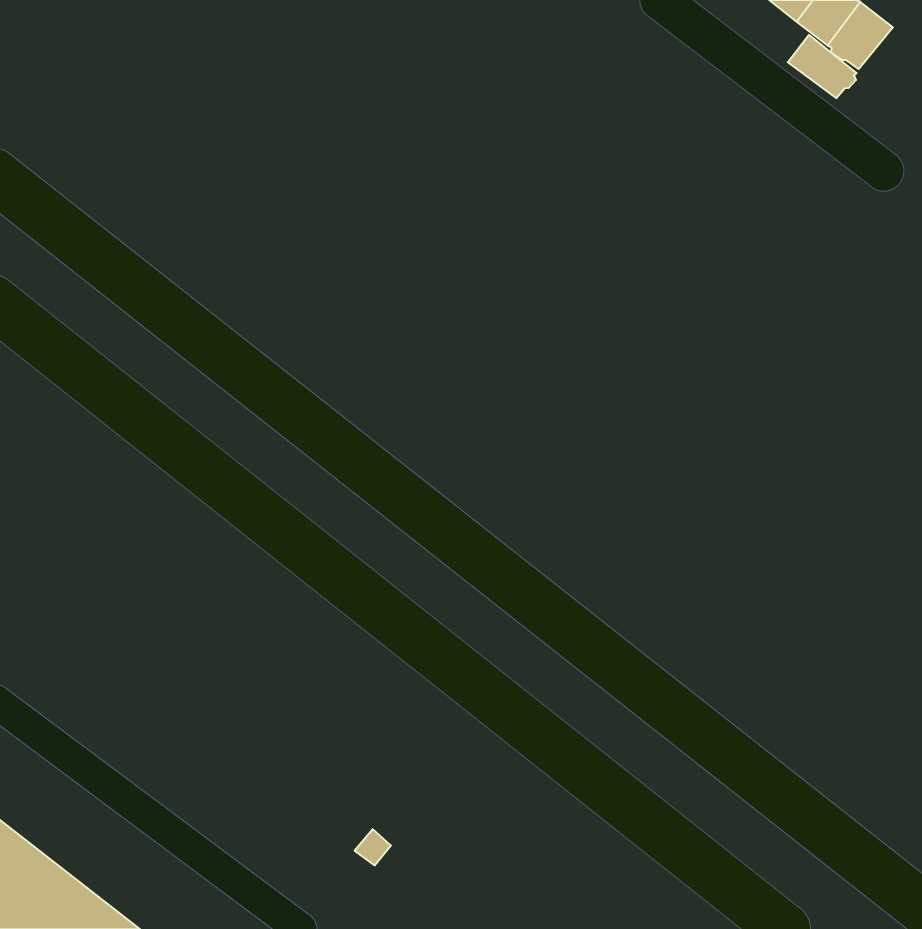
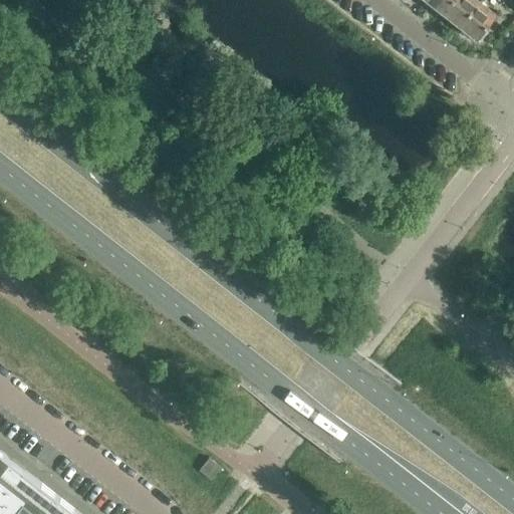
building: [788,35,857,98] -> none

